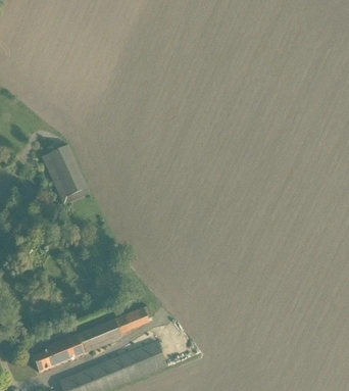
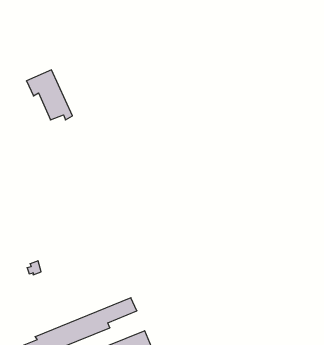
building: [44,146,91,197] -> [26,70,72,120]

